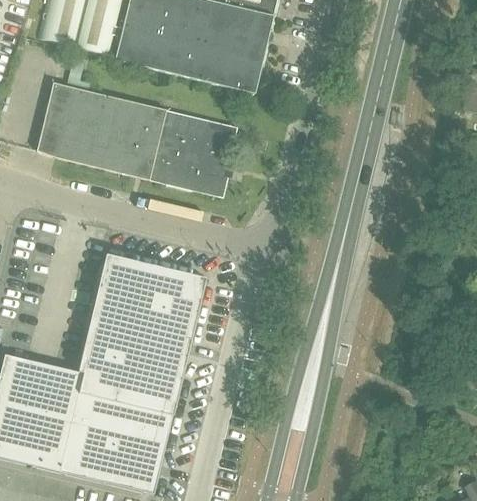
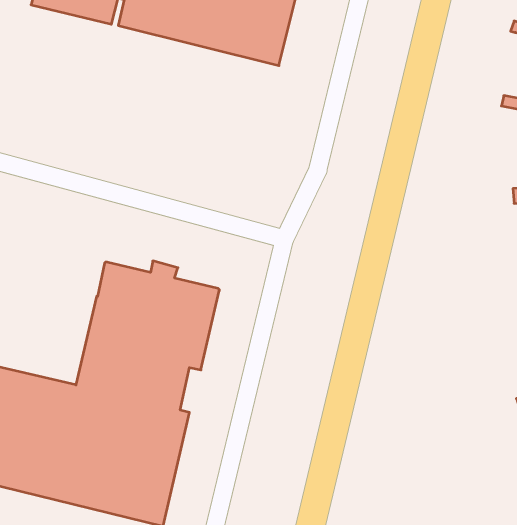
building: [37,56,238,196] -> none

